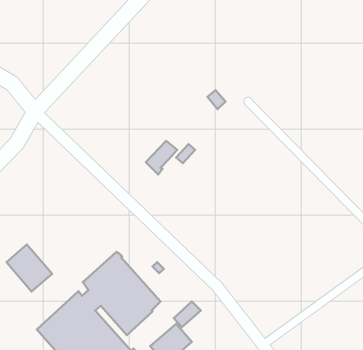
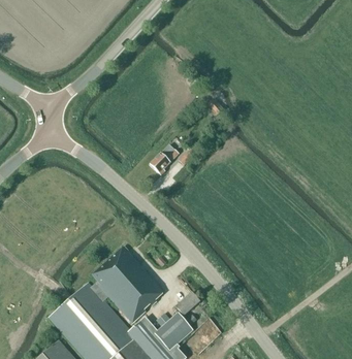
building: [6,245,52,291] -> none

